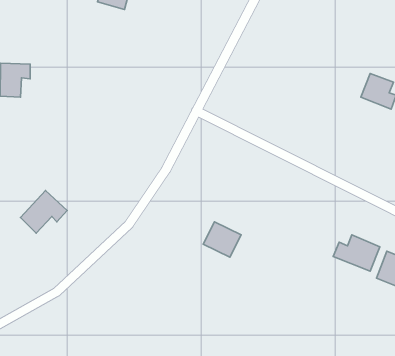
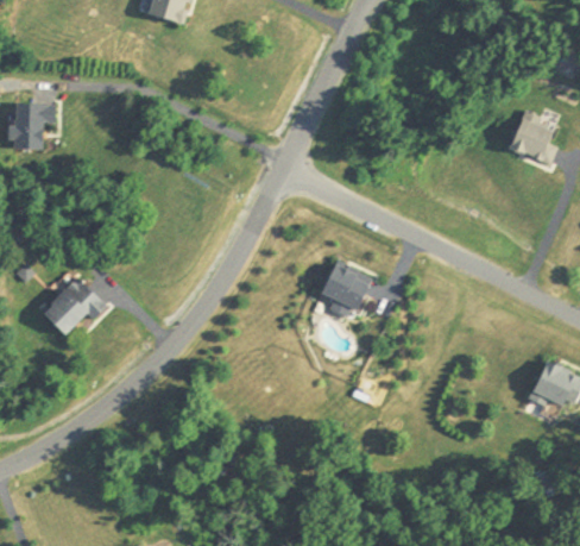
building: [203,222,241,257] -> [319,259,371,308]
building: [333,235,380,271] -> none

